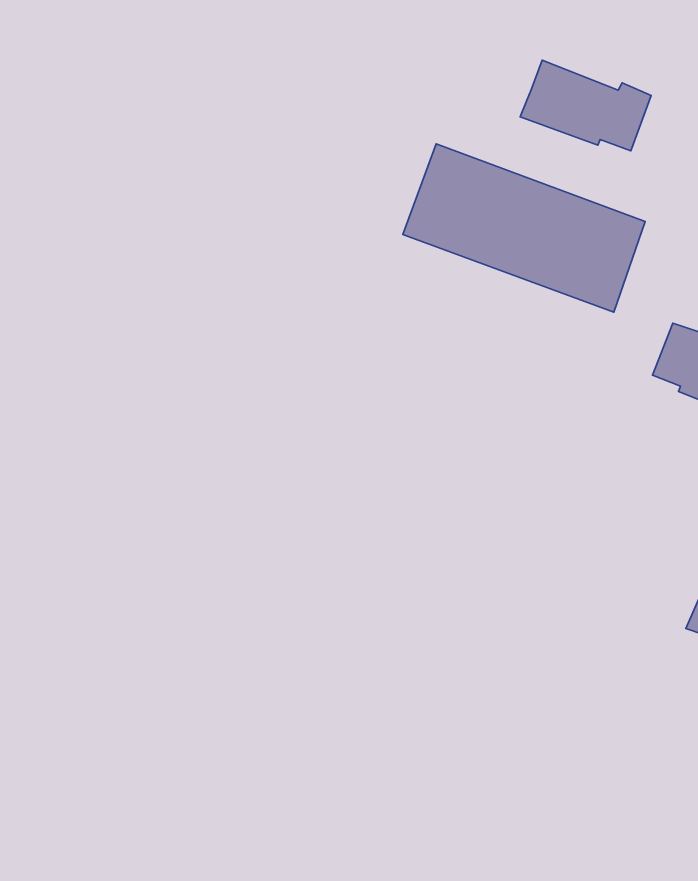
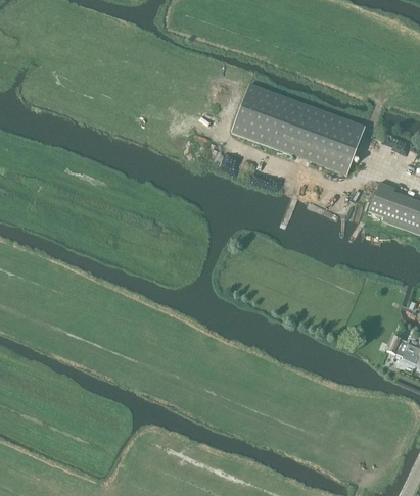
building: [520,60,651,151] -> none

